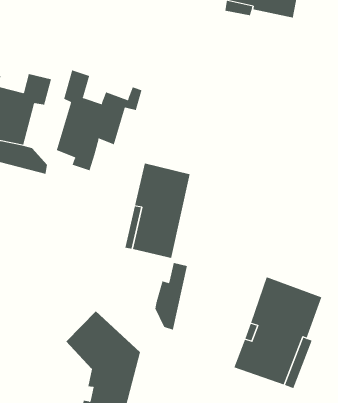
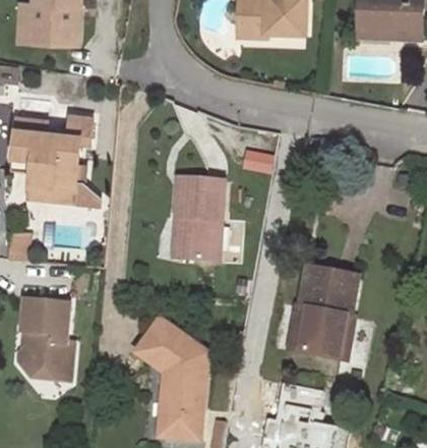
building: [56,69,142,171] -> none
building: [155,262,188,330] -> none

